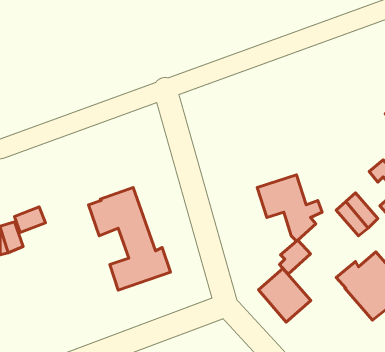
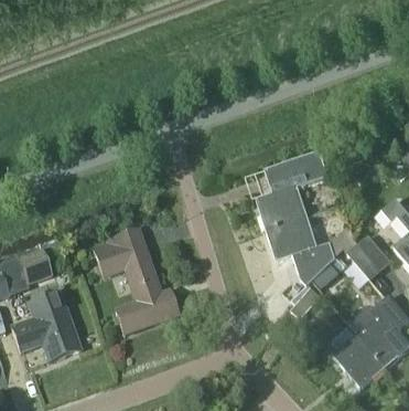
building: none -> [256,149,329,228]
building: none -> [11,292,78,361]
building: [258,268,311,322] -> [332,331,386,387]

